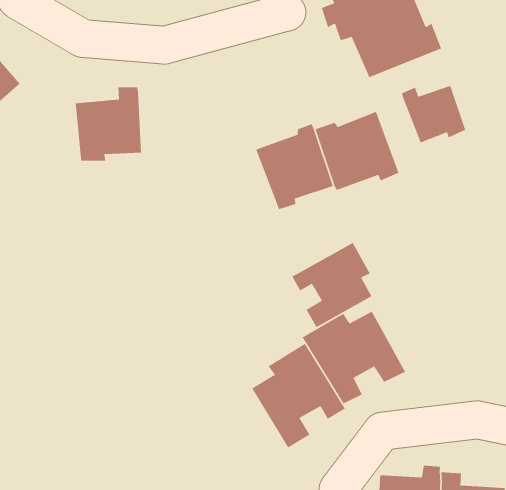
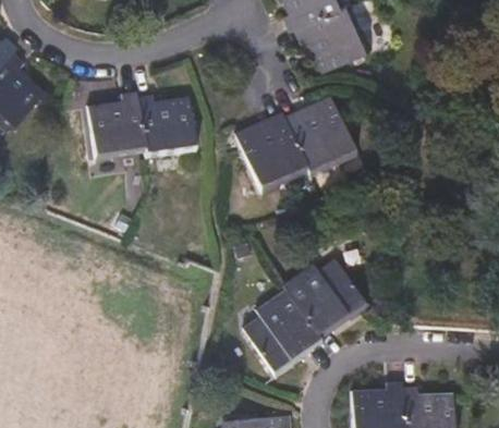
building: [401,85,466,144] -> none
building: none -> [138,95,195,150]
building: [291,242,373,328] -> none

